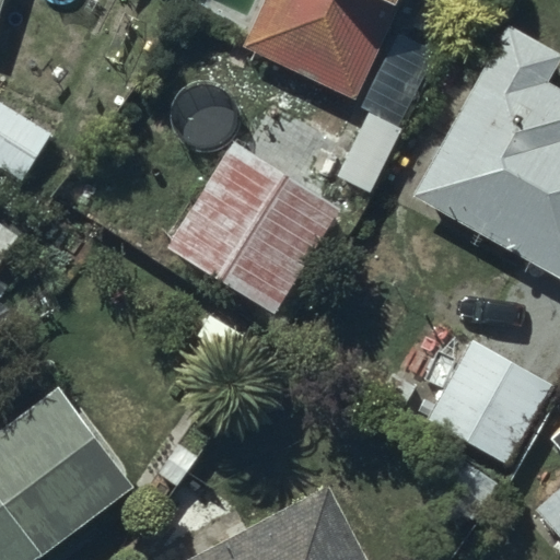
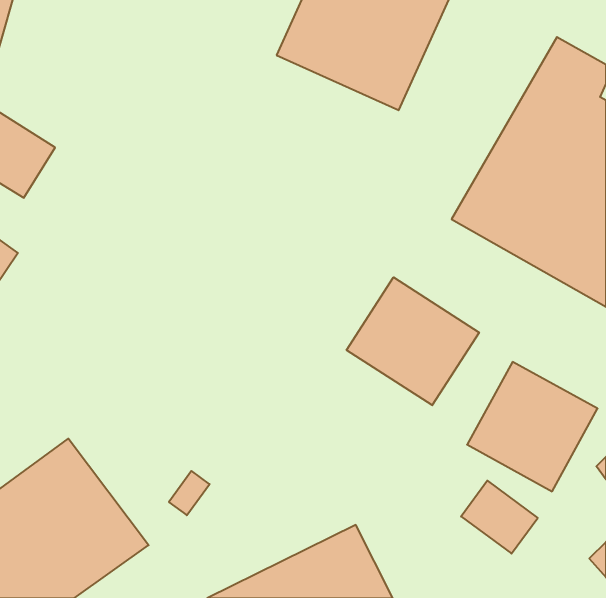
building: [171,147,342,317] -> none
building: none -> [347,277,479,405]

